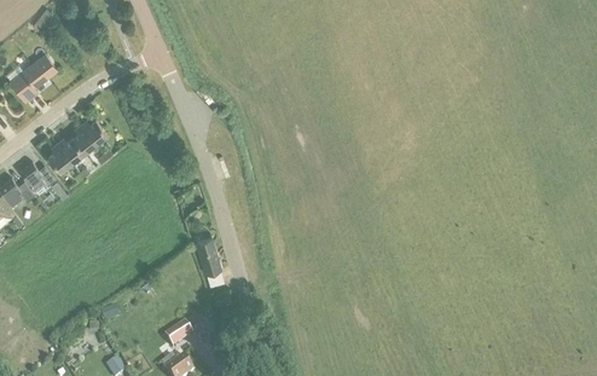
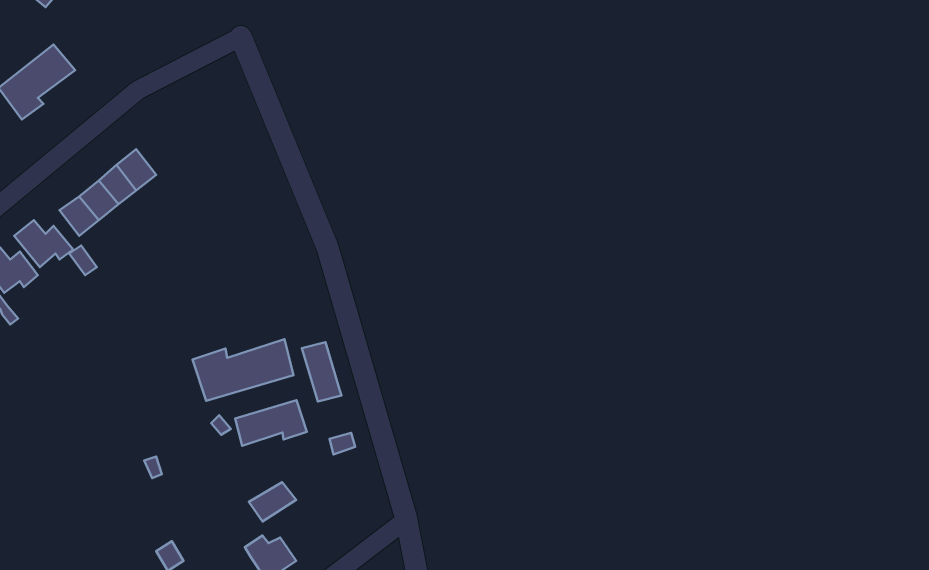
building: none -> [193,339,293,401]
building: none -> [235,400,307,446]

